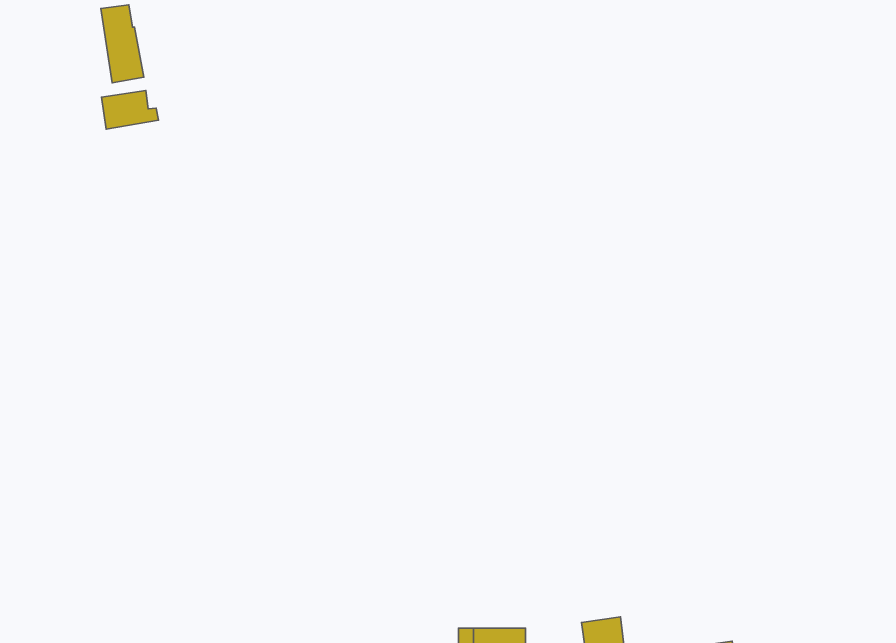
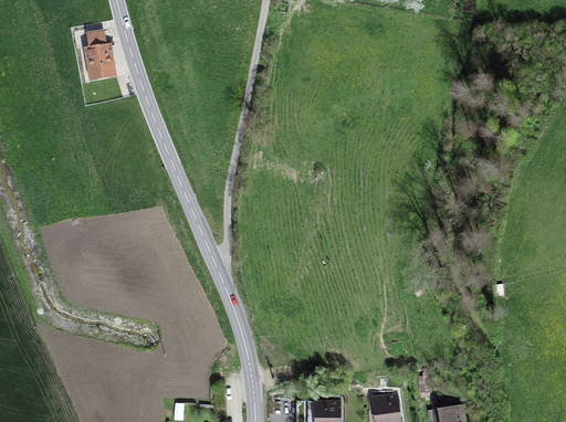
building: [101,90,158,129] -> none

